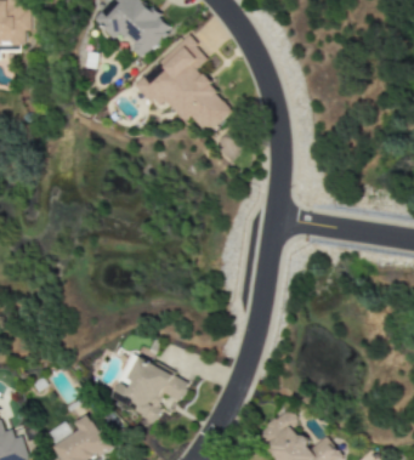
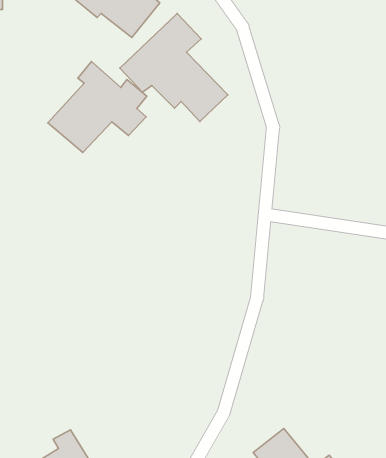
building: none -> [48,61,147,153]
building: [109,357,189,421] -> none

